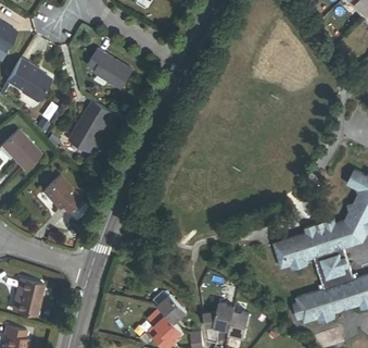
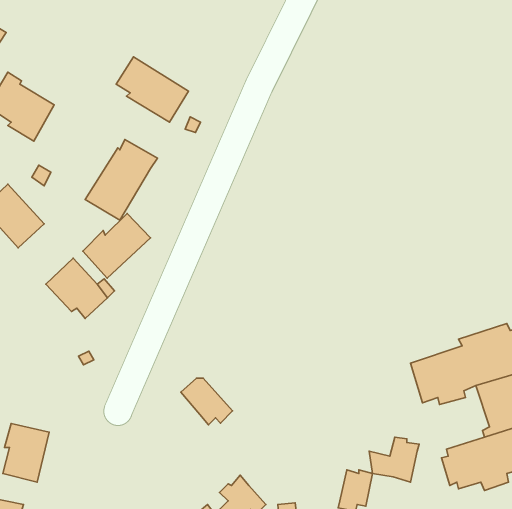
building: none -> [83,214,150,278]
building: [153,290,186,320] -> [181,378,233,425]
building: [202,301,233,330] -> [369,437,419,482]

